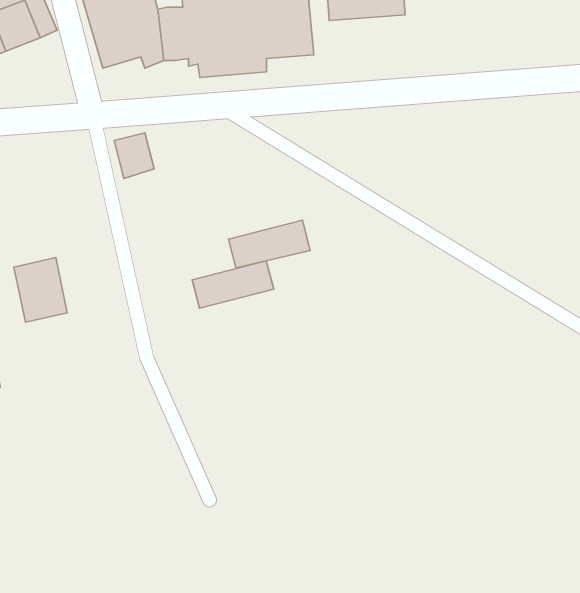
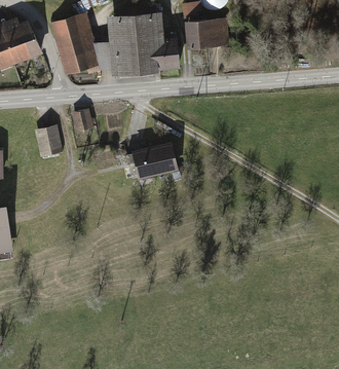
building: [14,258,67,322] -> [36,124,65,159]
building: [192,261,274,308] -> [129,140,174,165]

